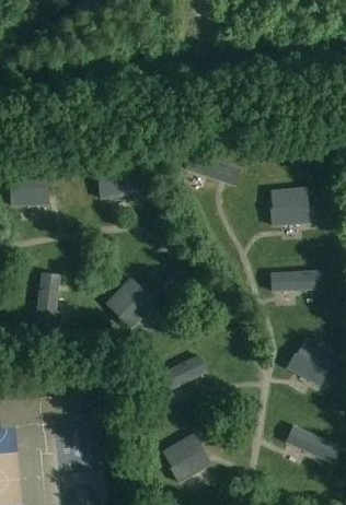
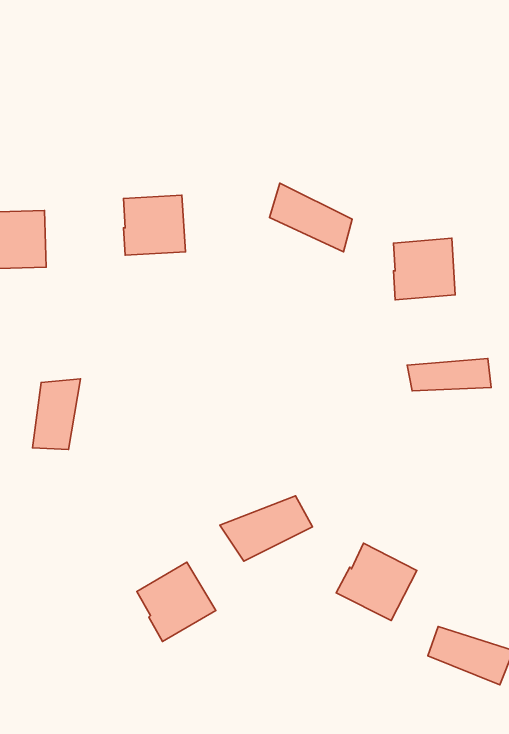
building: [104,277,155,329] -> none
building: [286,336,337,385] -> [336,543,417,620]
building: [161,433,211,483] -> [137,562,216,641]

